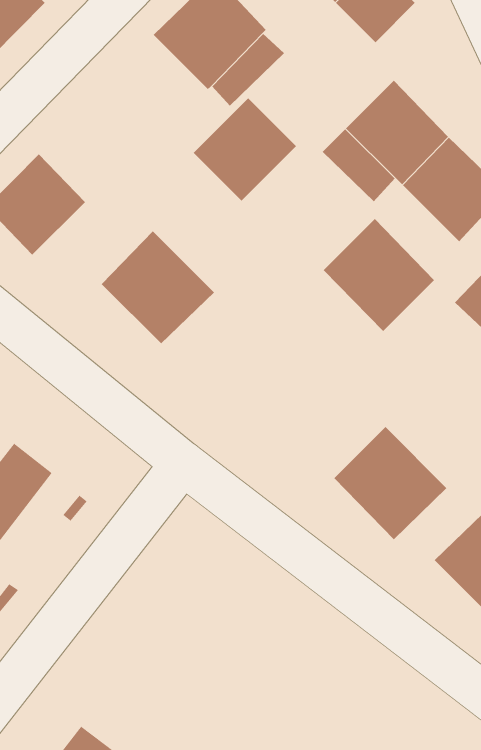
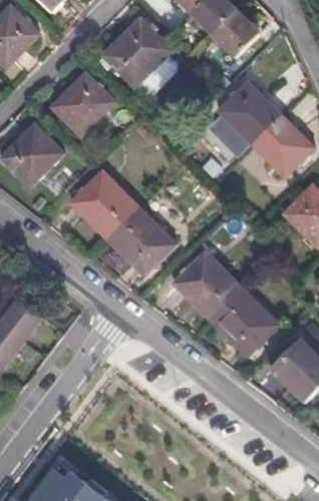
building: [193,98,297,201] -> [51,72,113,134]
building: [323,218,435,332] -> [175,250,242,319]
building: none -> [107,207,175,275]

